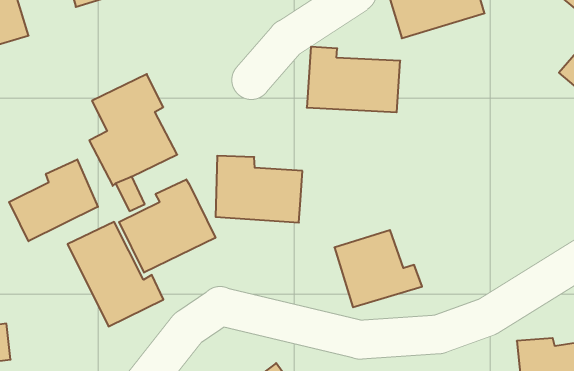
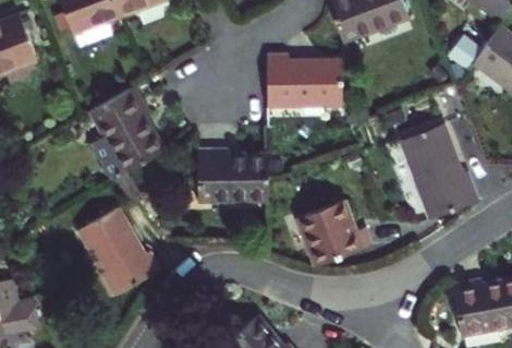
building: none -> [403,124,480,218]
building: [9,159,98,241] -> none
building: [119,179,215,273] -> none

